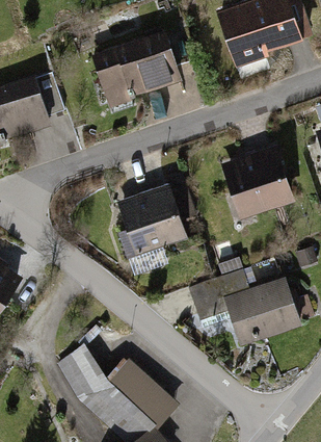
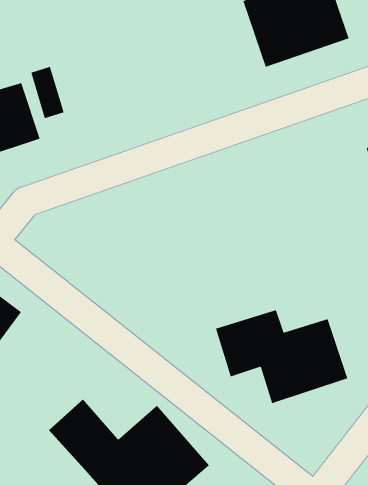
building: [91,33,178,104] -> none
building: [221,146,293,216] -> none
building: [111,185,187,260] -> none

